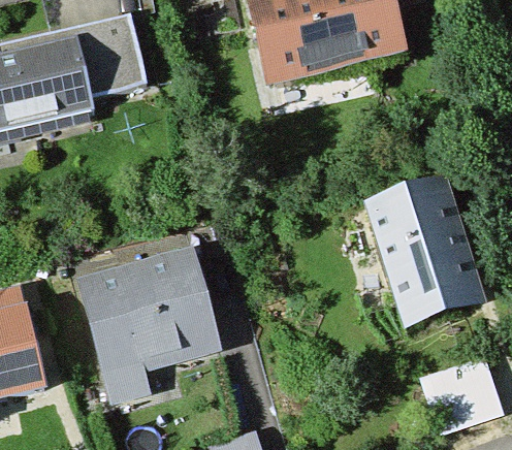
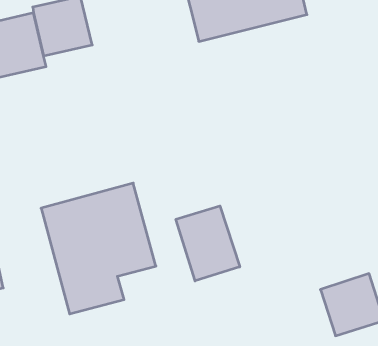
building: [335,178,485,325] -> none
building: none -> [176,206,240,281]

